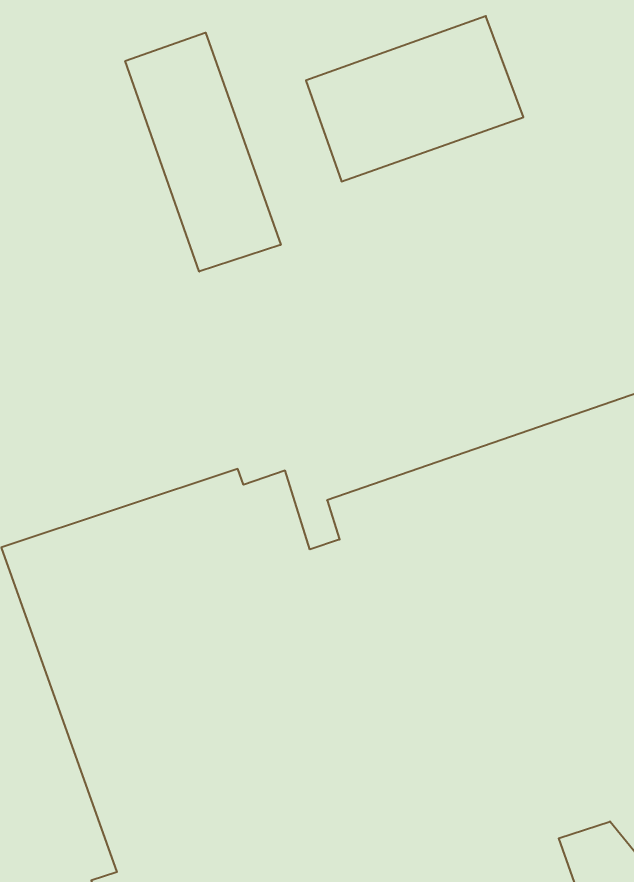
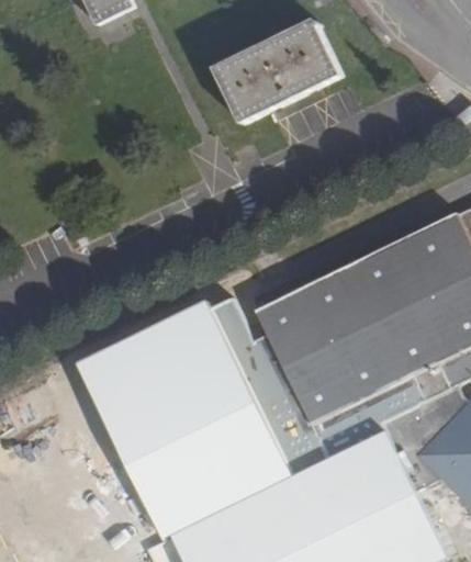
building: [125,33,281,272] -> none

